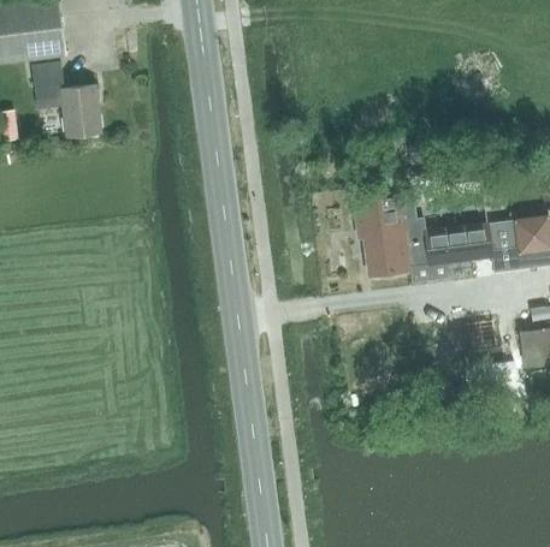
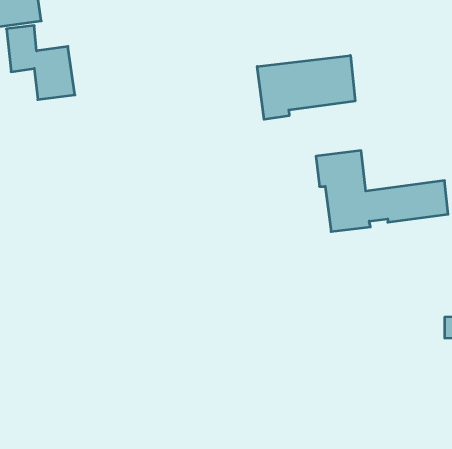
building: none -> [257,55,355,119]

